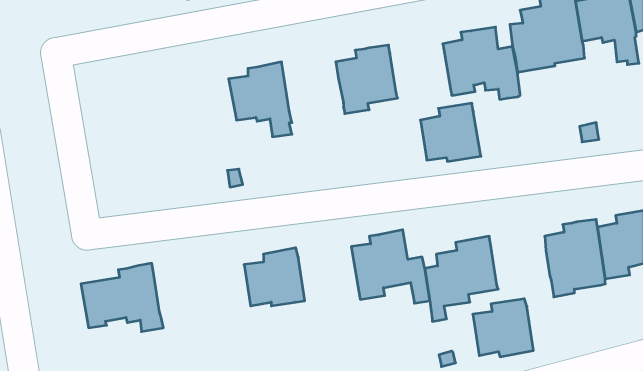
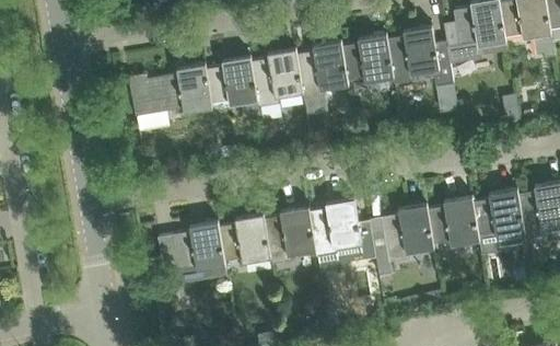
building: none -> [252,49,303,107]
building: none -> [128,64,213,117]
building: [420,103,481,161] -> [342,34,394,83]
building: none -> [265,206,316,265]
building: [81,263,163,332] -> [158,221,228,279]
building: [473,299,533,357] -> [428,197,479,246]

